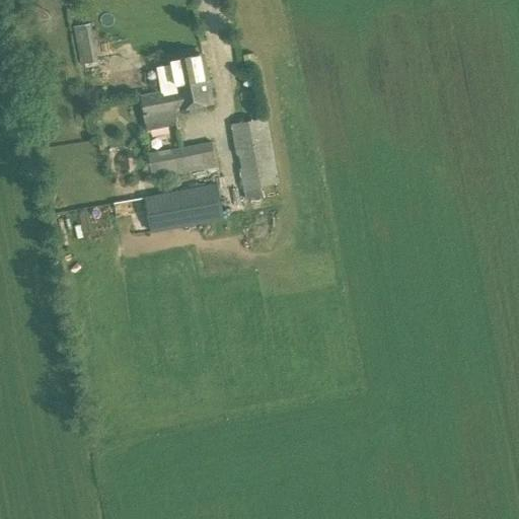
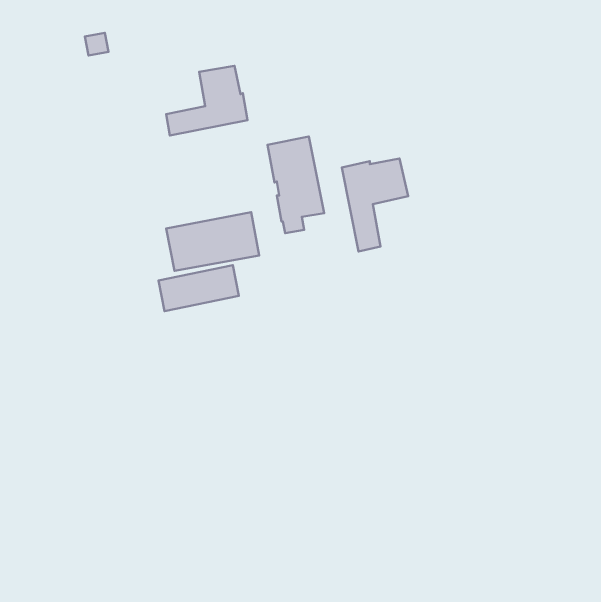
building: none -> [342,158,408,252]
building: [147,141,216,180] -> [159,265,239,311]

